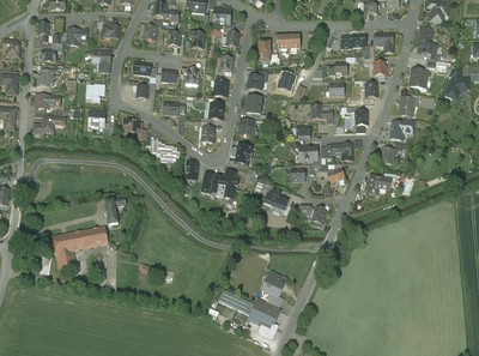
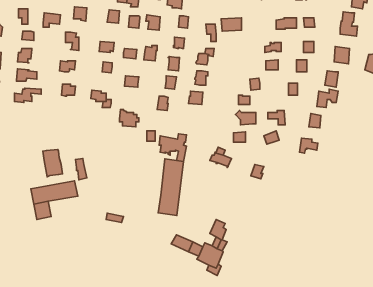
building: none -> [43,149,62,177]
building: none -> [158,159,184,216]

